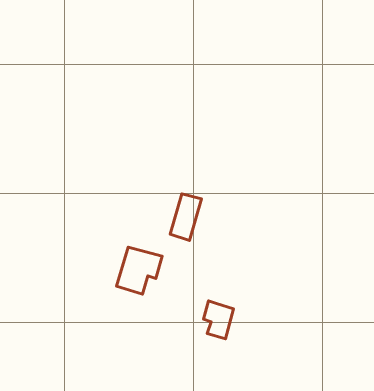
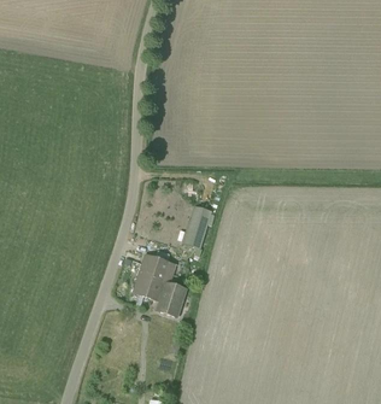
building: [203,301,233,339] -> [158,281,186,316]

